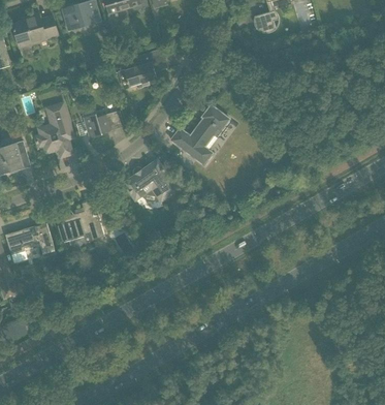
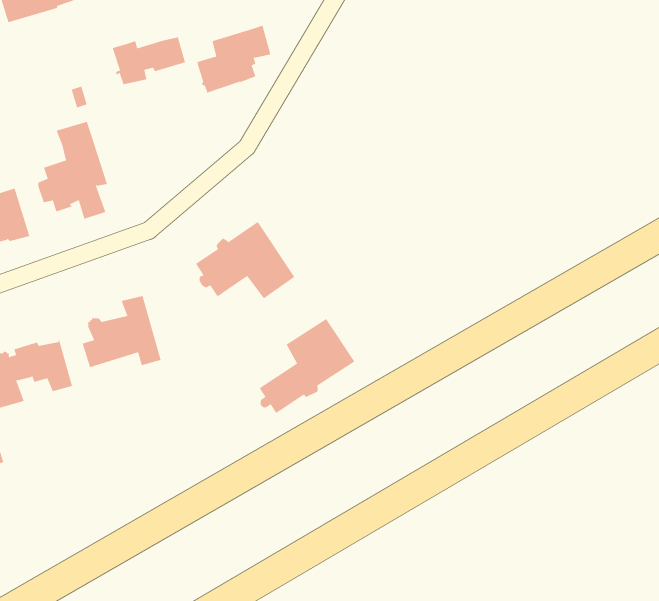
building: [171,104,229,164] -> none
building: [83,111,124,137] -> [112,37,186,85]
building: none -> [259,318,355,414]

